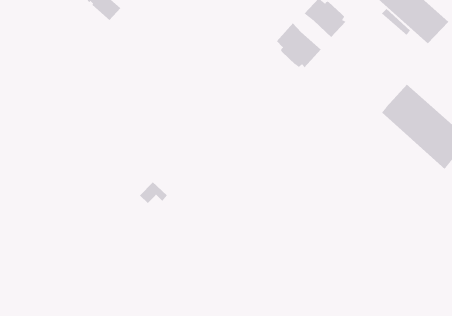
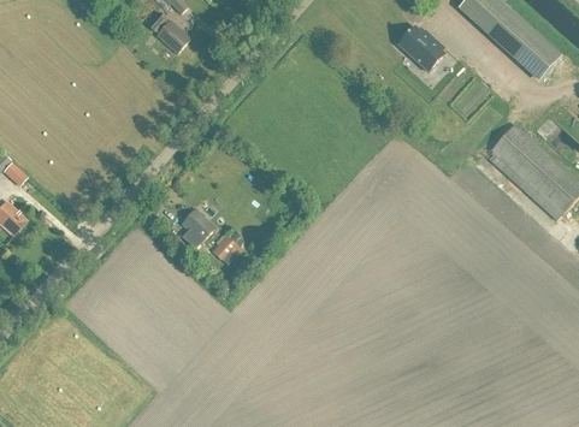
building: [276,22,321,68] -> none
building: none -> [181,208,217,242]

